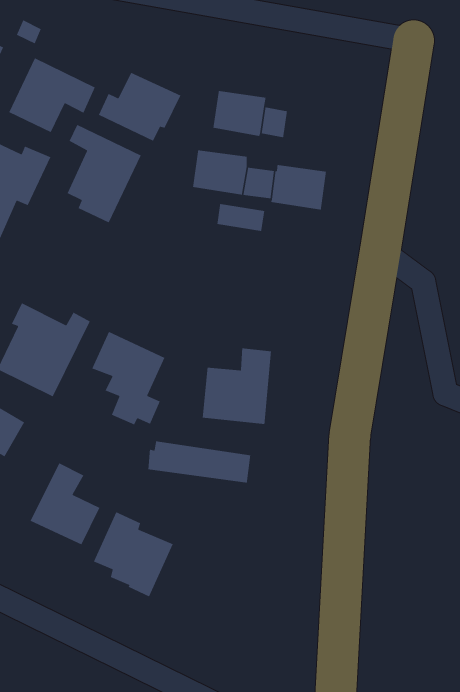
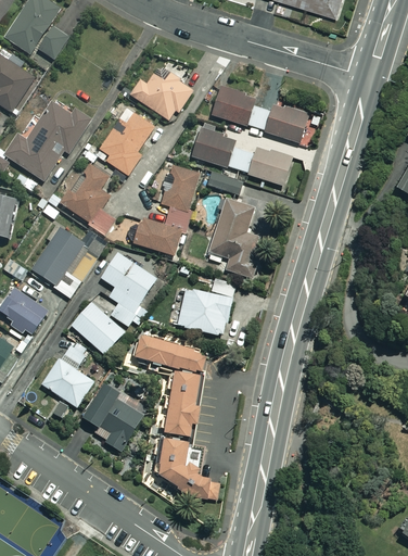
building: [8,57,96,133] -> none
building: none -> [265,103,316,143]
building: none -> [126,163,200,254]
building: none -> [62,160,114,233]
building: none -> [206,197,260,277]
building: none -> [72,302,125,354]
building: none -> [161,372,203,439]
building: none -> [161,443,220,504]

